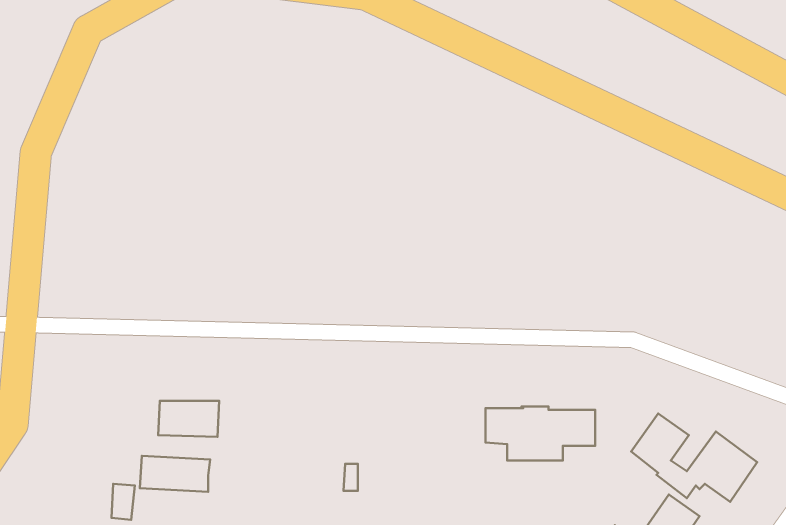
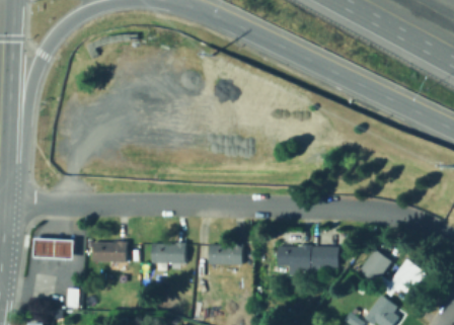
building: none -> [151,242,186,263]
building: none -> [209,243,242,264]
building: [140,456,210,492] -> [34,240,74,260]

